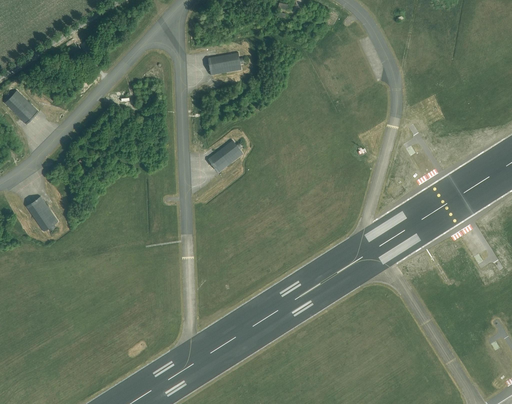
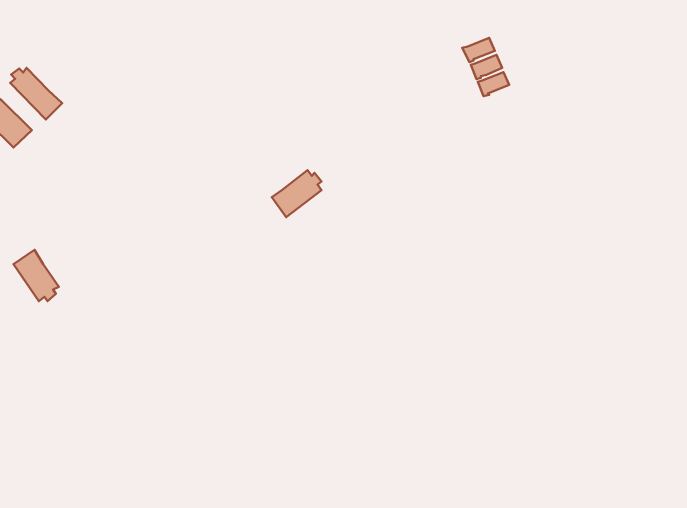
building: [207,51,243,74] -> none
building: none -> [10,68,62,120]

